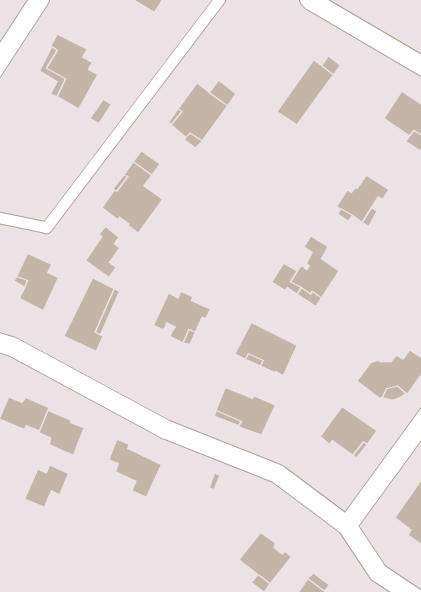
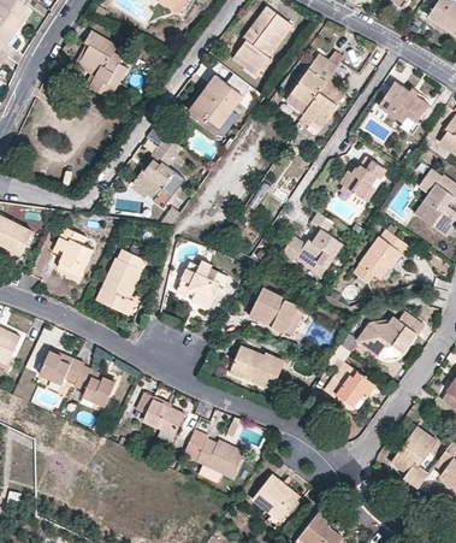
building: none -> [232,6,292,76]
building: none -> [304,72,345,125]
building: [85,226,119,278] -> none
building: none -> [354,230,409,283]
building: [25,465,69,507] -> none
building: none -> [196,438,244,477]

